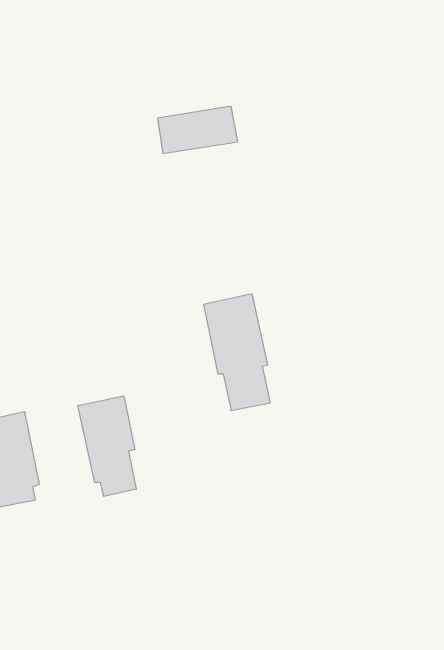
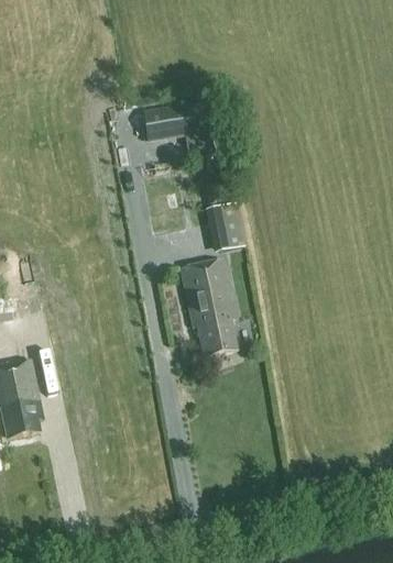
building: none -> [206,201,245,251]
building: [78,396,136,496] -> none

